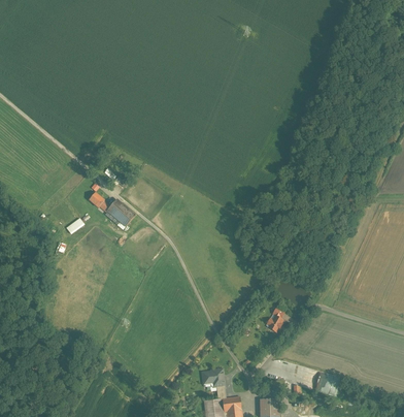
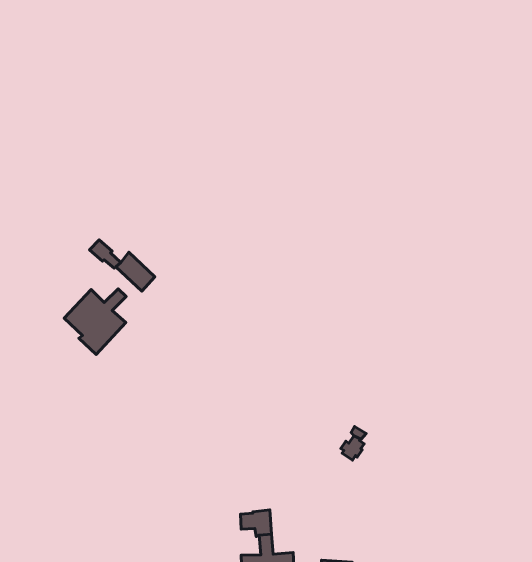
building: none -> [64,289,126,355]

